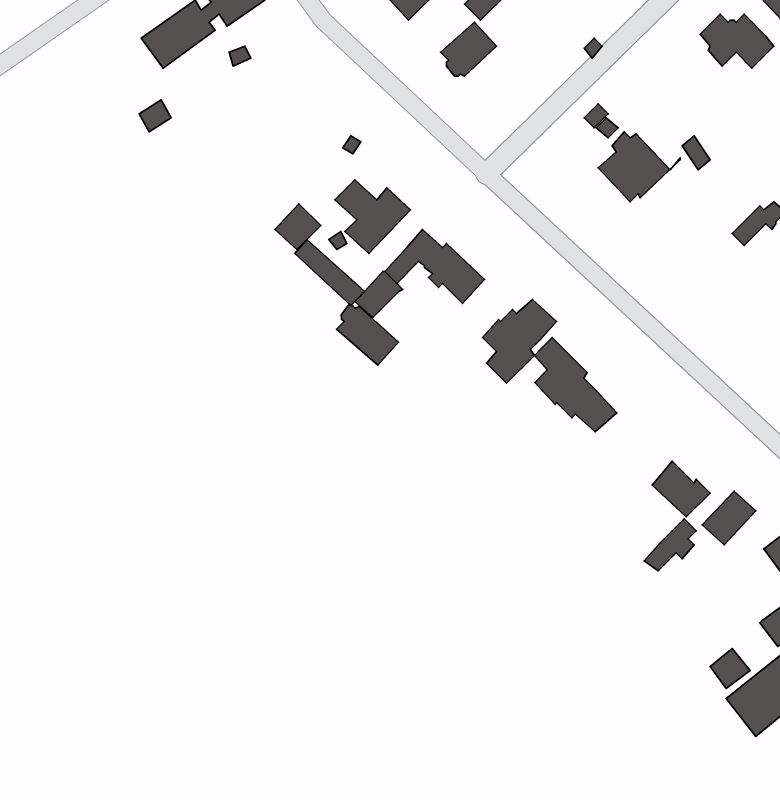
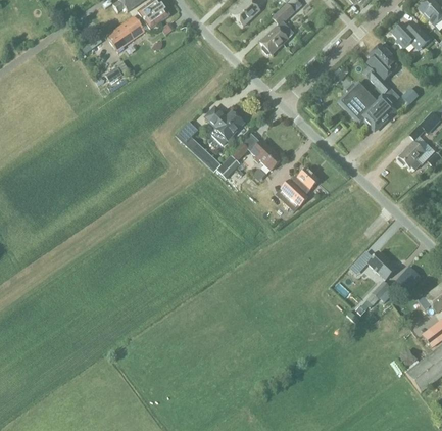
building: none -> [370,44,397,80]
building: none -> [362,97,395,130]
building: none -> [399,142,425,170]
building: [337,305,398,365] -> none
building: [534,338,617,432] -> none

